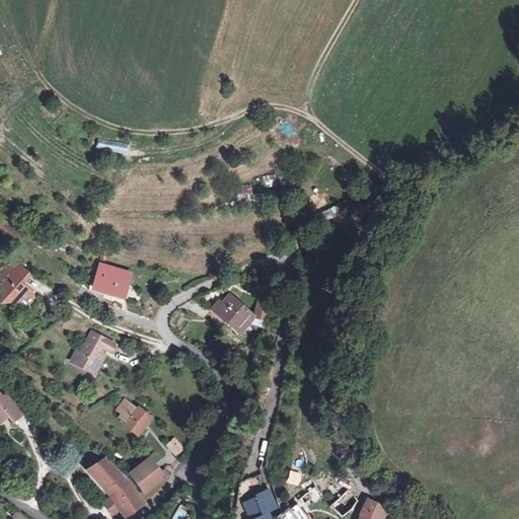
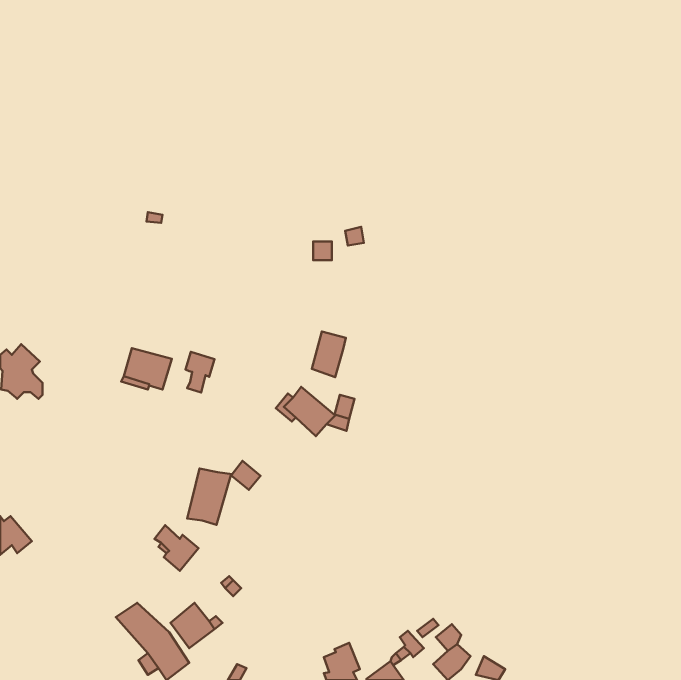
building: none -> [312,331,346,377]
building: none -> [185,352,214,392]
building: [72,331,115,372] -> none
building: none -> [187,461,260,525]

